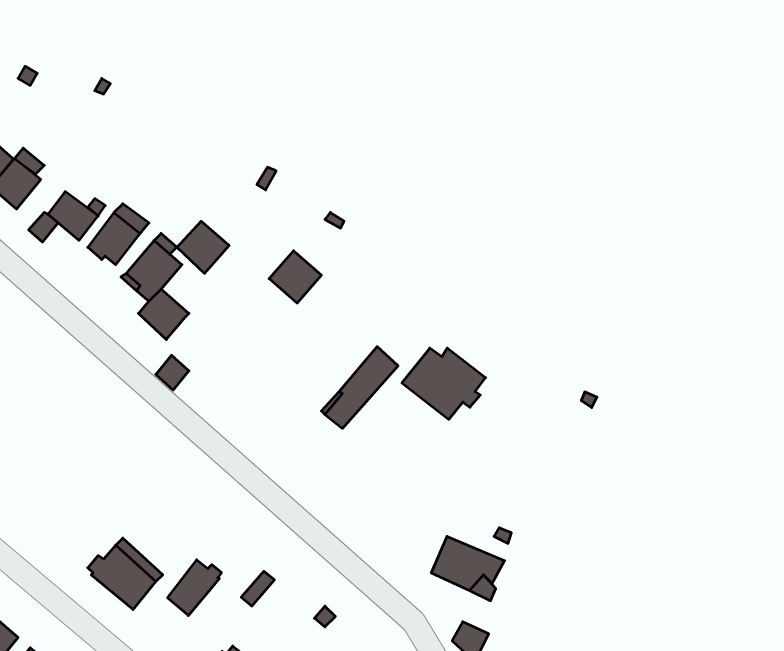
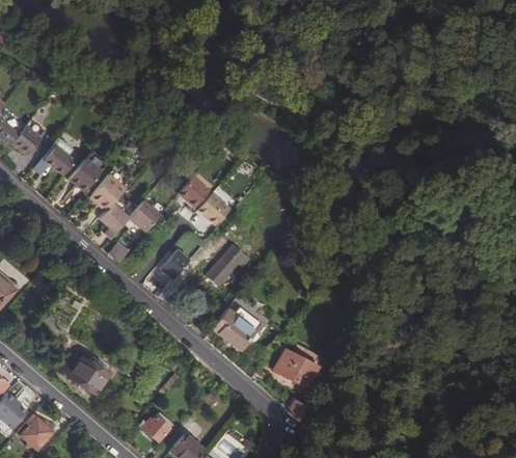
building: [177,221,229,273] -> [127,204,158,235]
building: none -> [196,196,227,228]
building: [402,348,486,419] -> [211,304,261,347]
building: none -> [160,250,188,279]
building: [168,560,221,616] -> none

